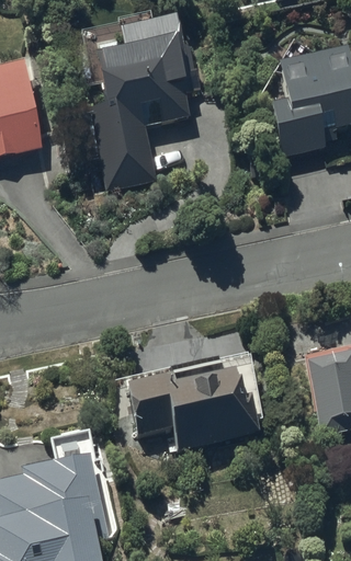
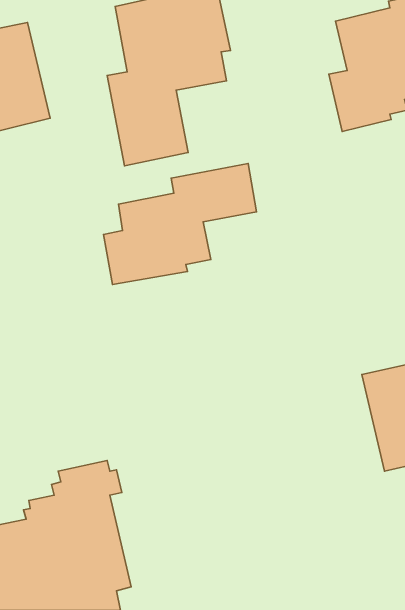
building: none -> [103,164,256,284]
building: [127,357,262,450] -> none

